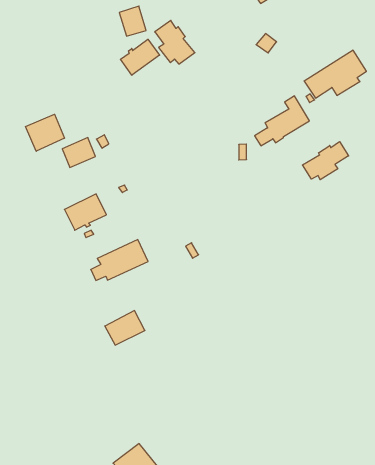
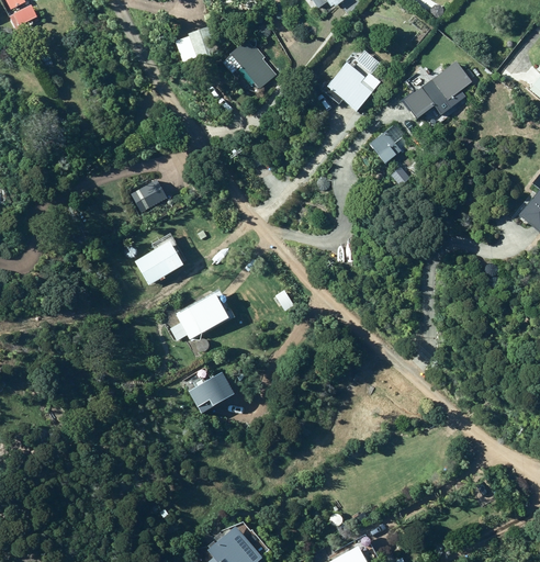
building: [120,39,160,75] -> none
building: none -> [317,61,379,111]
building: [26,114,64,151] -> none
building: [302,142,349,180] -> none

